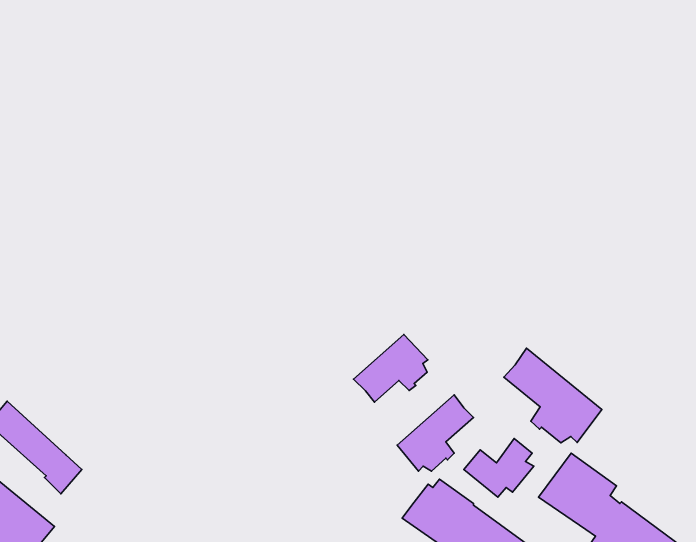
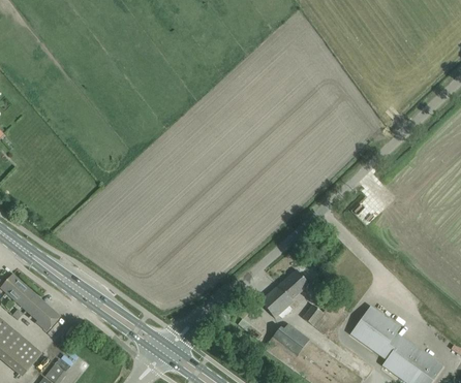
building: [353,335,428,402] -> none
building: [504,348,602,443] -> none

